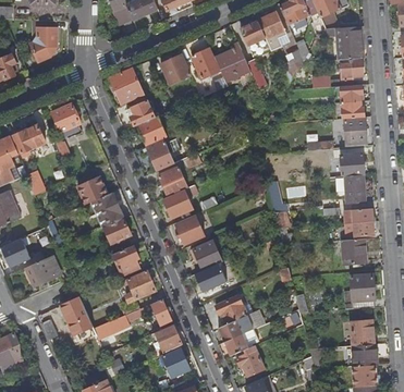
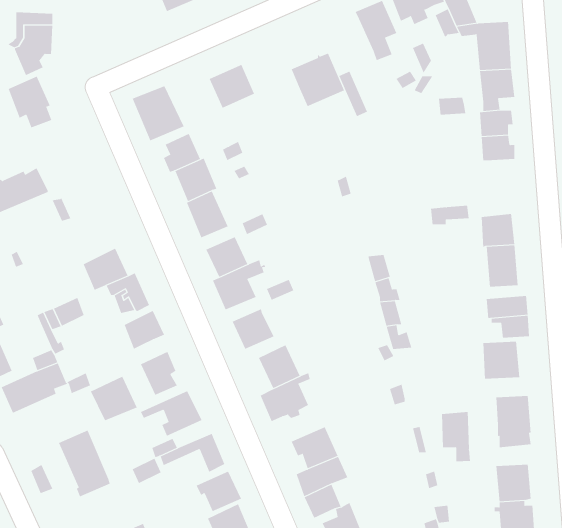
building: [241,22,269,53] -> none
building: [192,48,220,79] -> none
building: [51,103,81,138] -> [8,76,52,128]
building: [344,118,366,145] -> none
building: none -> [90,376,137,421]
building: none -> [442,411,471,462]

